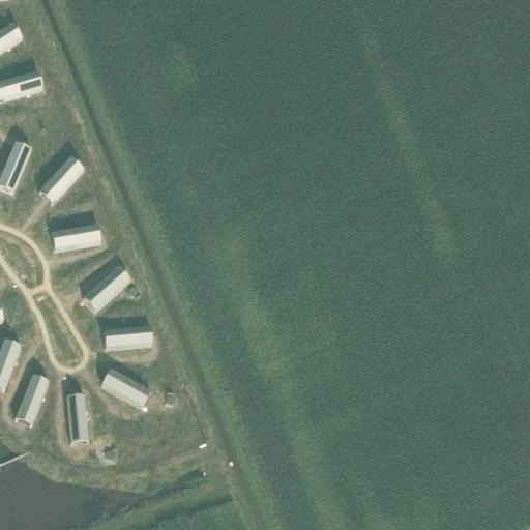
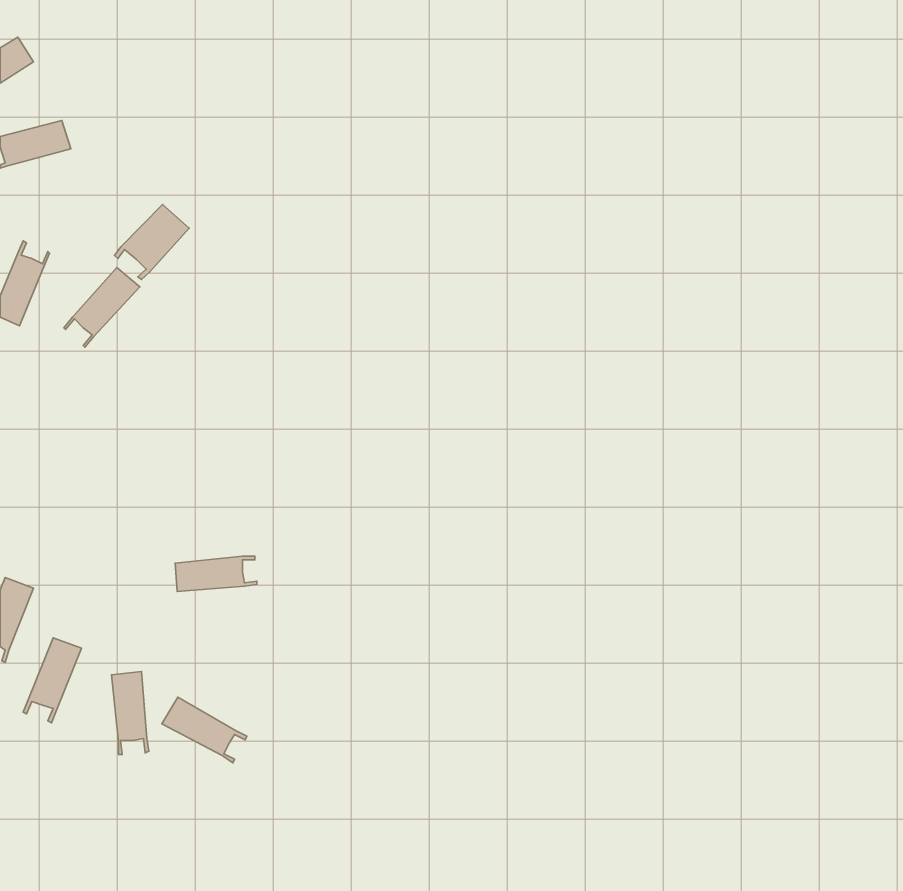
building: none -> [114,204,189,280]
building: [51,224,100,248] -> none
building: [83,265,129,310] -> none
building: [100,367,150,406] -> [162,697,247,763]

